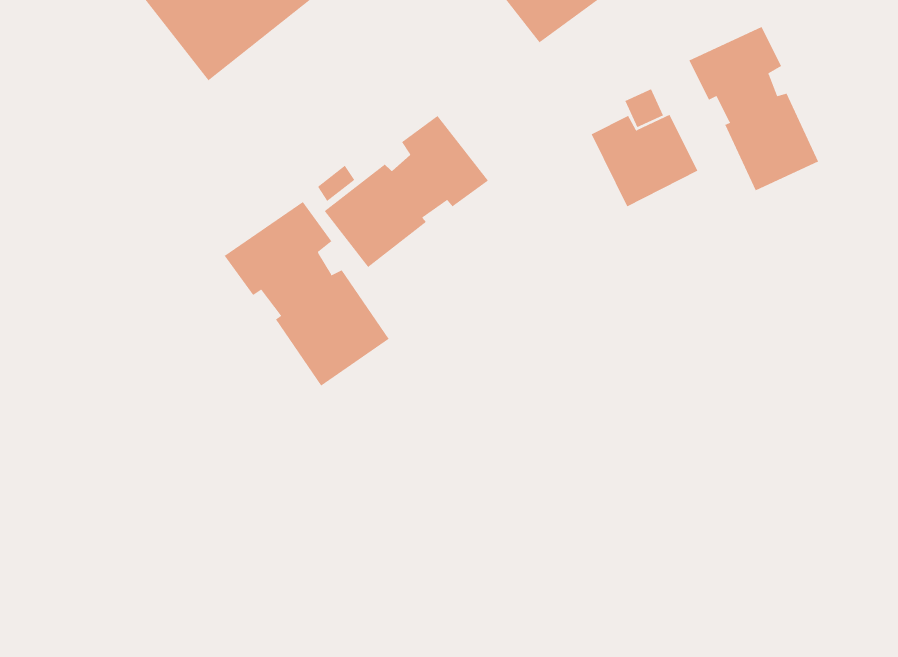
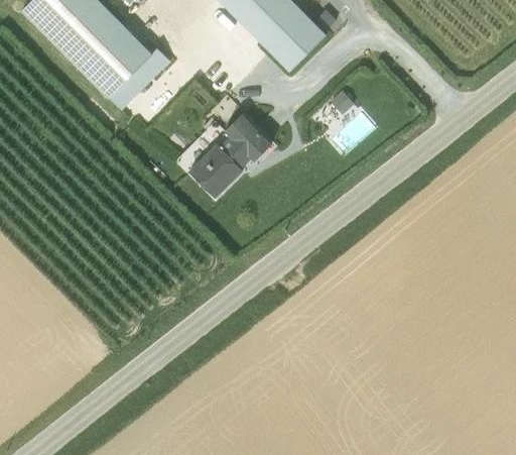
building: [688,26,819,191] -> none
building: [224,201,390,386] -> none

